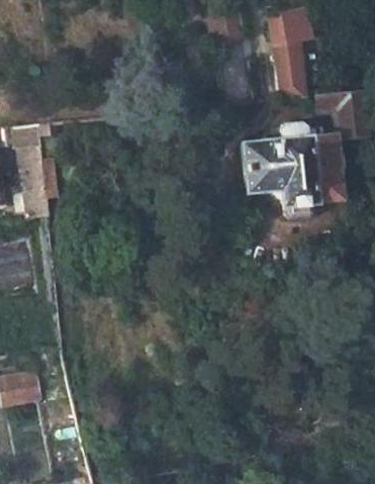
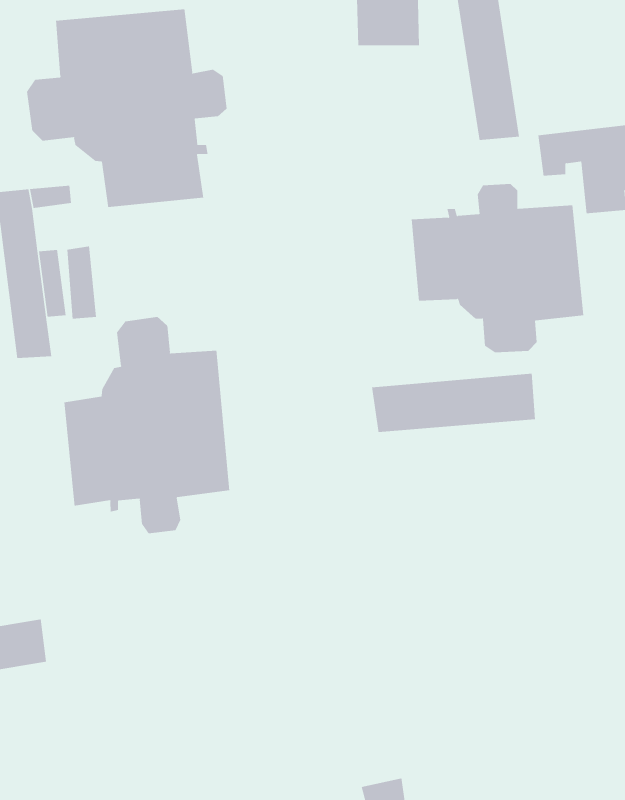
building: none -> [27,9,227,208]
building: none -> [64,316,230,534]
building: none -> [371,373,535,433]

